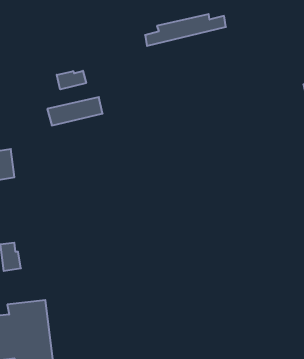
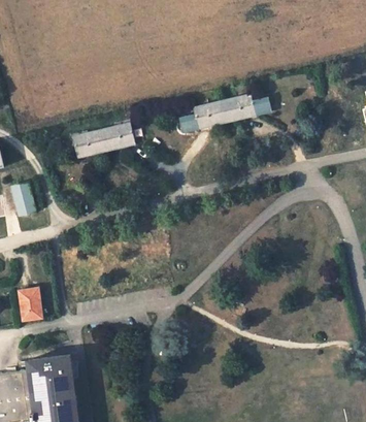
building: [145,14,226,46] -> [179,94,271,130]
building: [57,71,86,89] -> none

